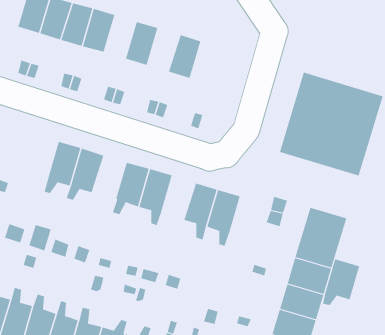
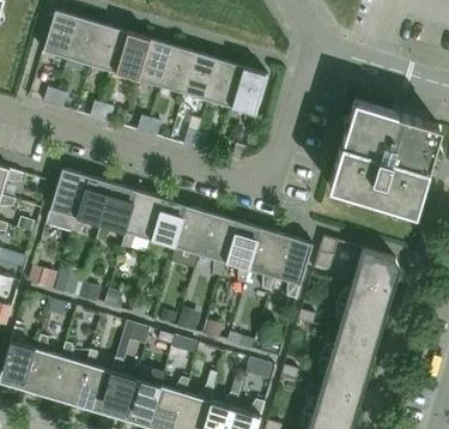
building: none -> [138,38,172,86]
building: none -> [184,53,220,101]
building: none -> [231,67,267,115]
building: none -> [45,169,87,226]
building: none -> [121,192,162,249]
building: none -> [200,213,237,277]
building: none -> [274,236,313,300]
building: [322,259,360,306] -> none

